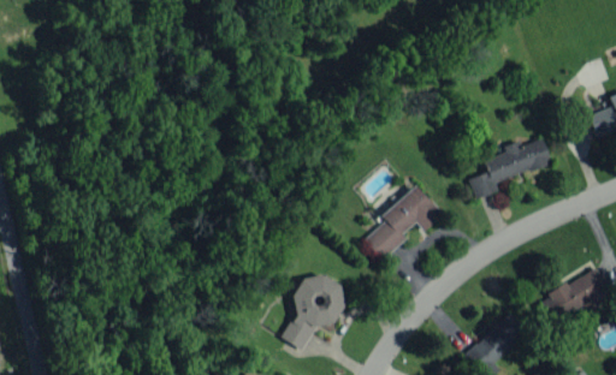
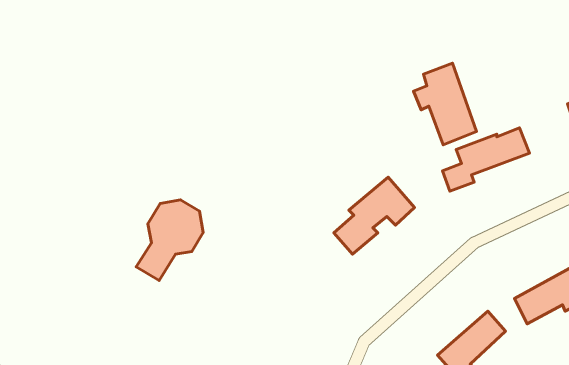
building: none -> [413,63,476,145]
building: [282,274,345,351] -> [136,200,203,281]

